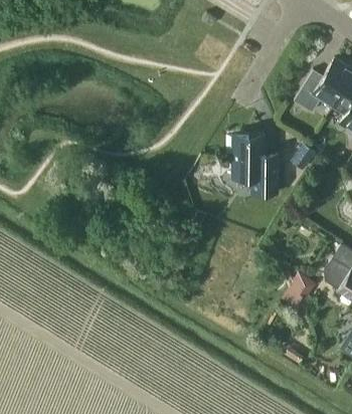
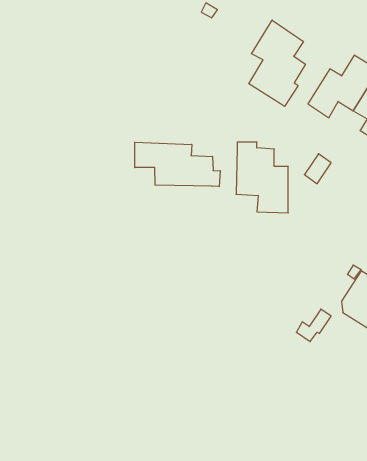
building: none -> [249,20,305,106]
building: none -> [135,142,220,187]

